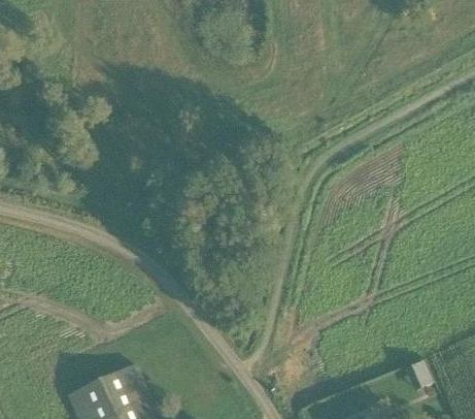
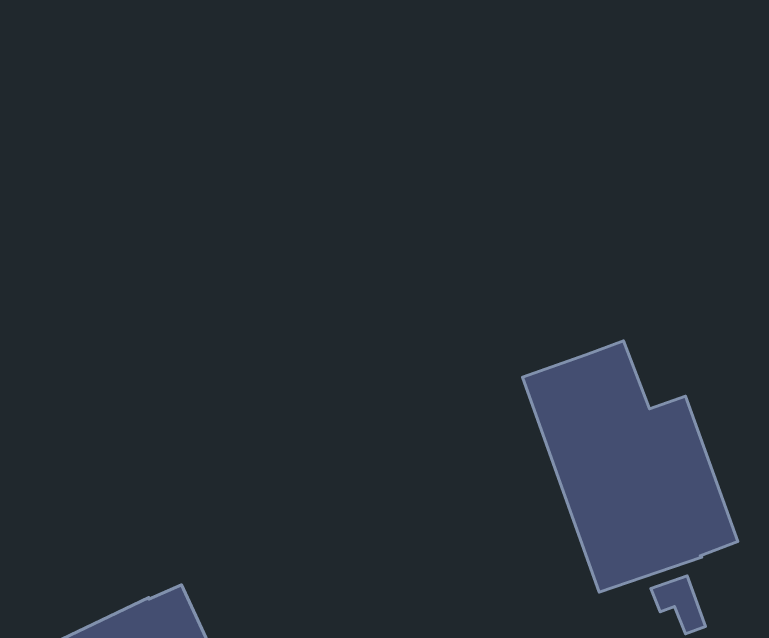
building: none -> [522,341,738,592]

